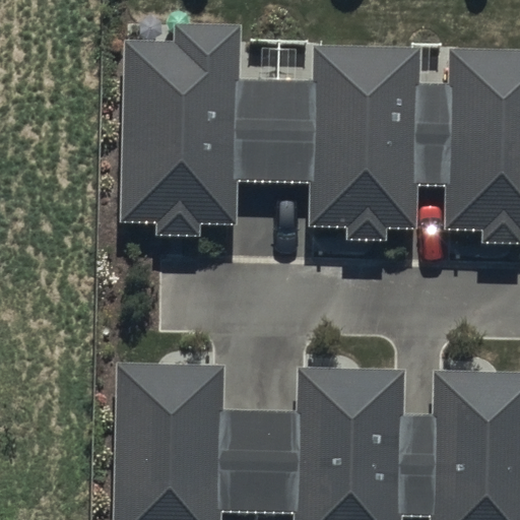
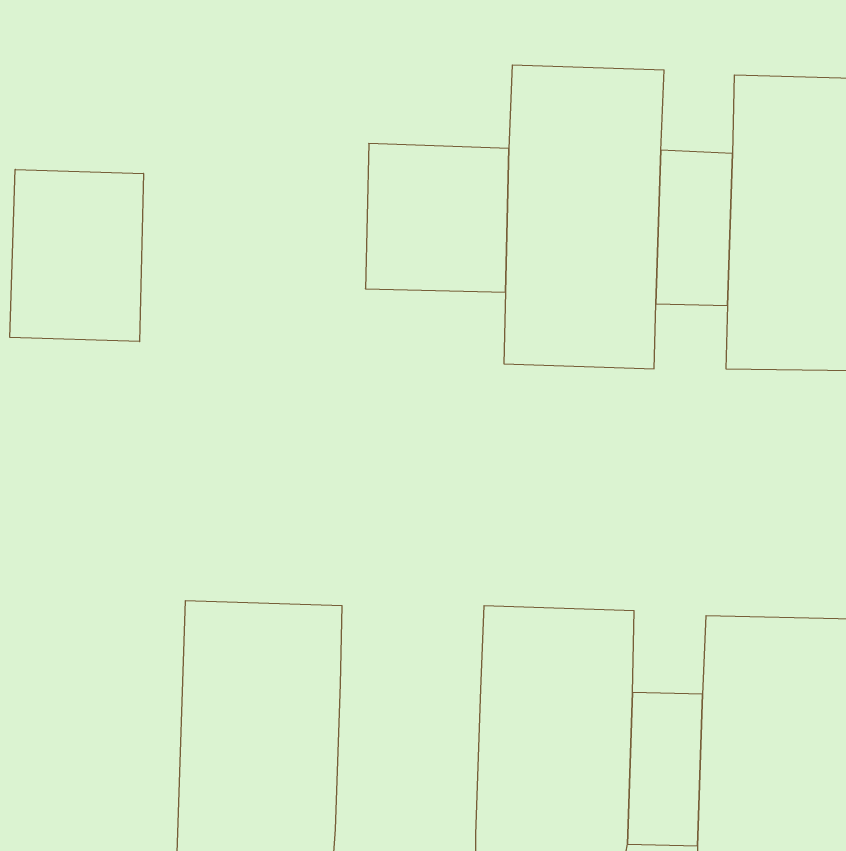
building: [129,38,231,222] -> none
building: none -> [10,169,143,342]
building: [208,417,297,509] -> none

